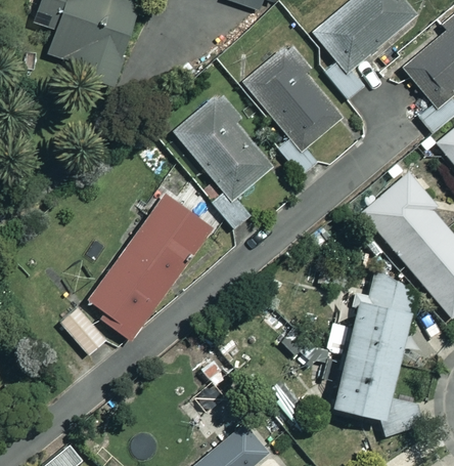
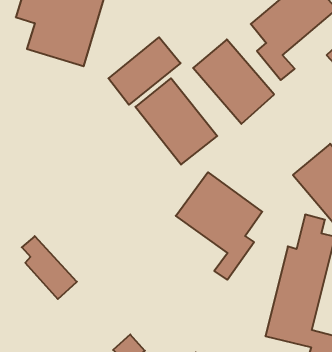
building: none -> [108,37,181,105]
building: [86,194,213,338] -> none
building: none -> [176,172,262,280]

